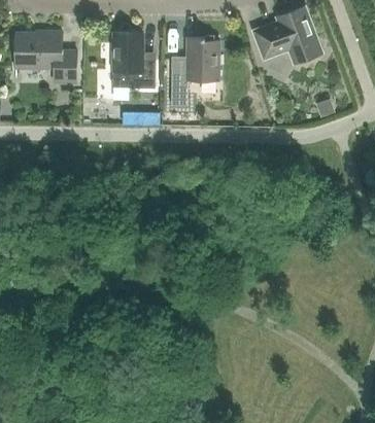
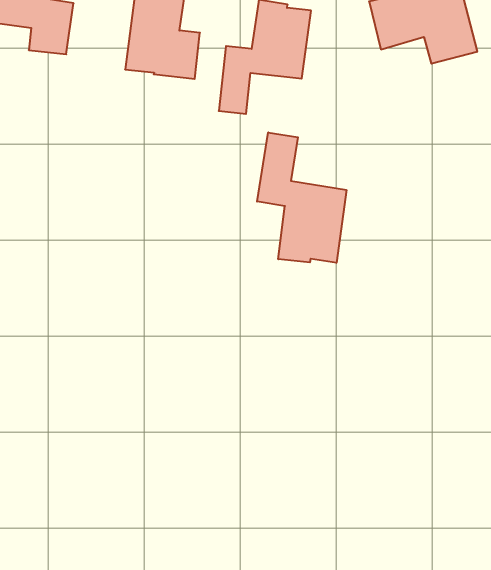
building: none -> [257,132,346,263]

